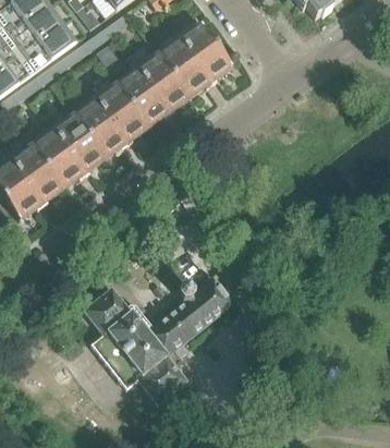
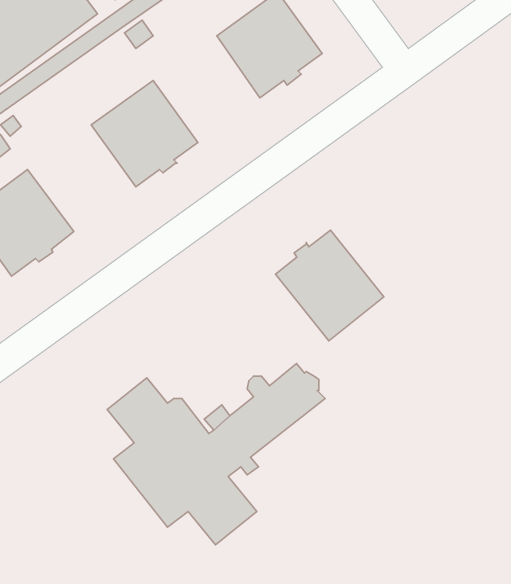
building: [114,53,187,126] -> none
building: [28,114,102,187] -> none
building: none -> [275,230,384,341]

